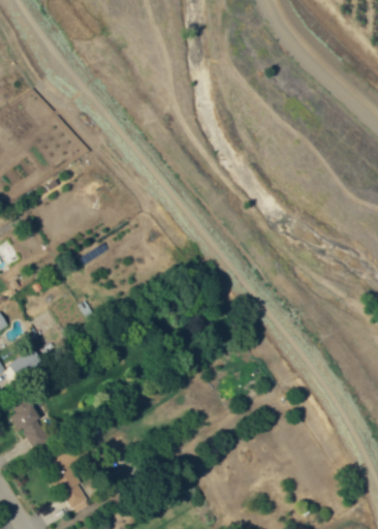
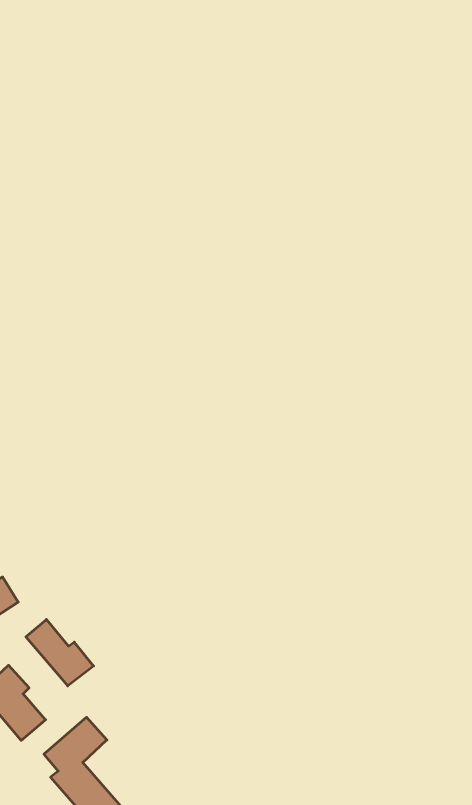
building: none -> [26,619,94,686]

